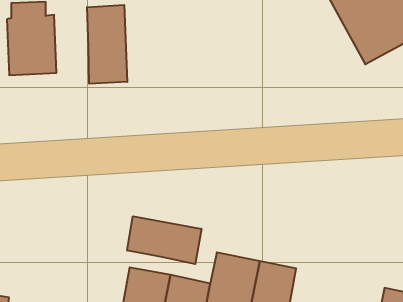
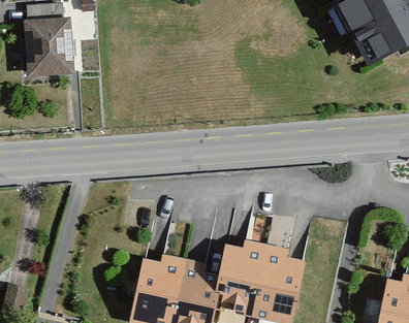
building: [87,5,127,84] -> none
building: [127,216,201,264] -> none

